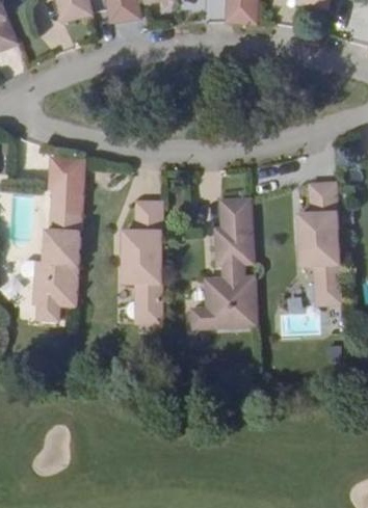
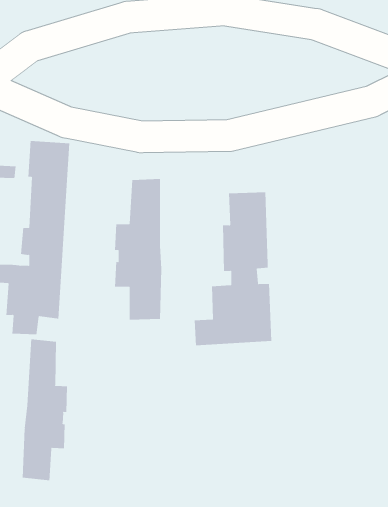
building: [298,172,342,294] -> none
building: none -> [22,339,67,481]

